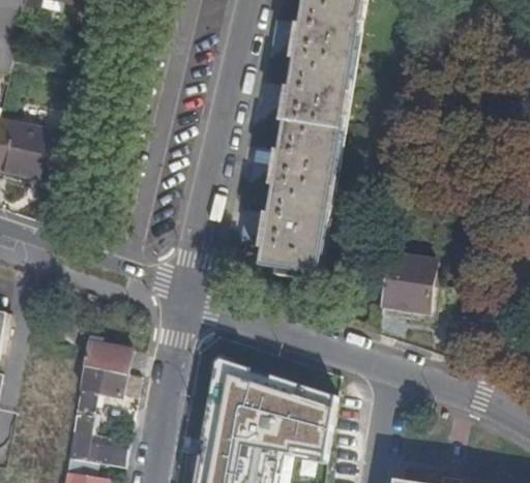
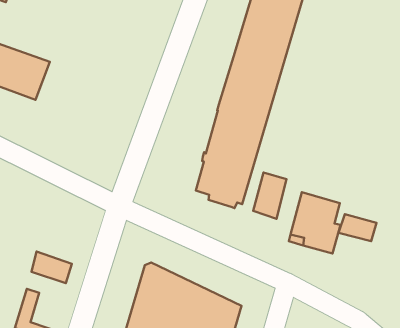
building: none -> [253,172,286,219]
building: none -> [338,214,376,241]
building: [81,335,128,372] -> none

